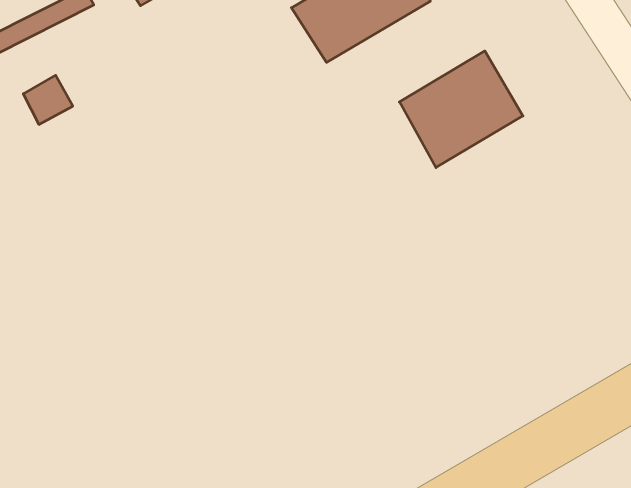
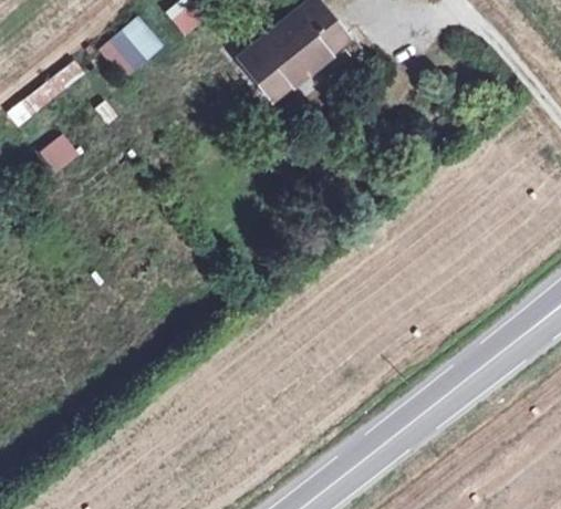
building: [399,51,523,168] -> none

